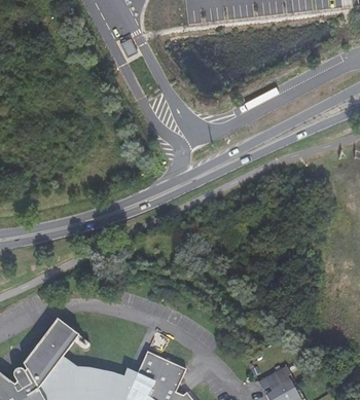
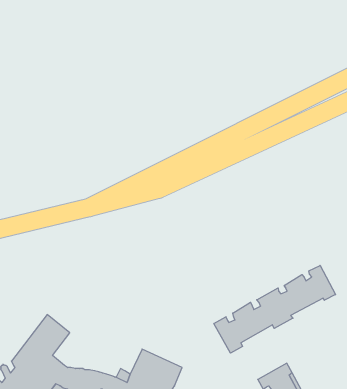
building: none -> [214,265,336,353]

